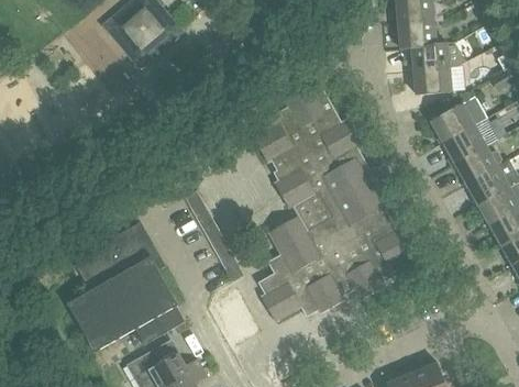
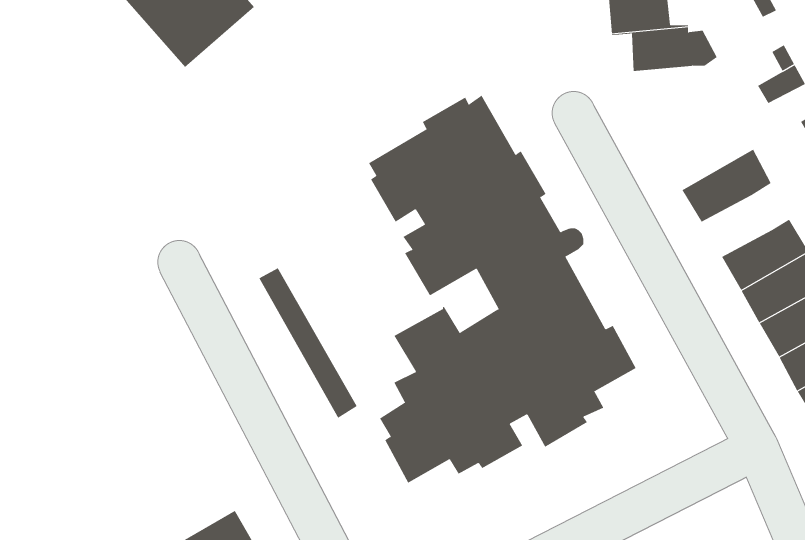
building: [412,67,451,95] -> none
building: [430,96,486,143] -> none
building: [454,146,500,184] -> none
building: [67,221,185,352] -> none

